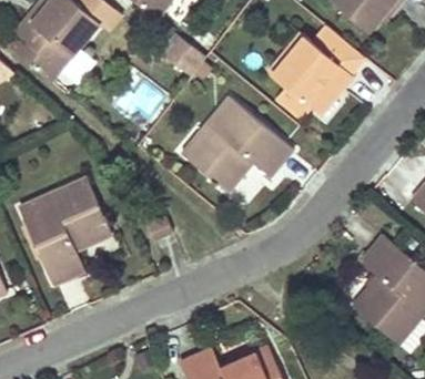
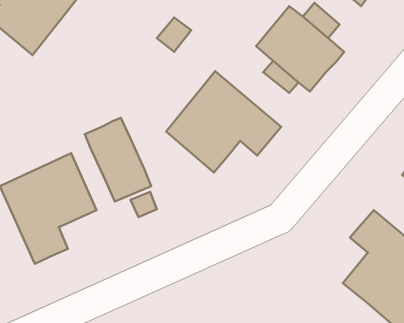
building: none -> [85,118,151,201]

